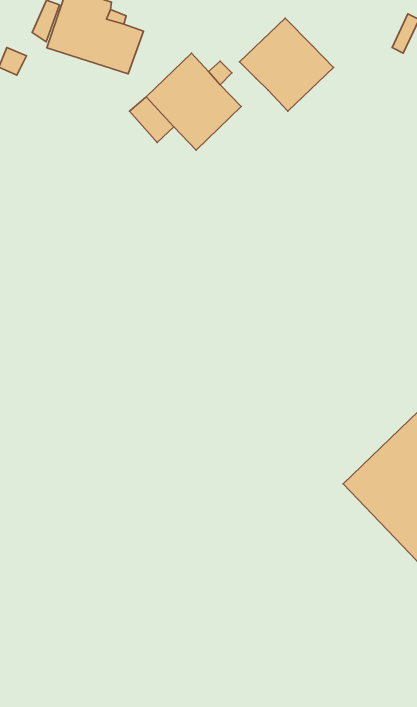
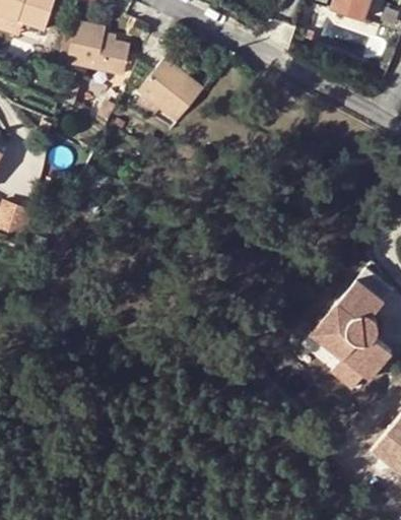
building: [240,18,333,111] -> none

